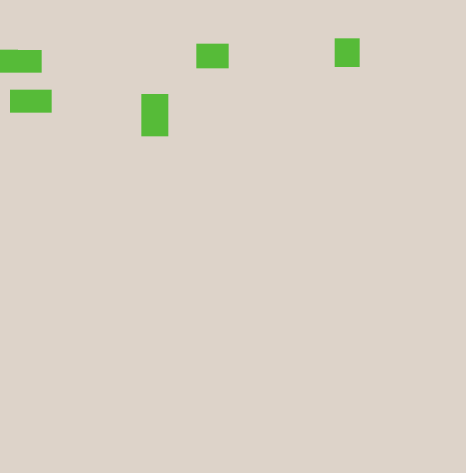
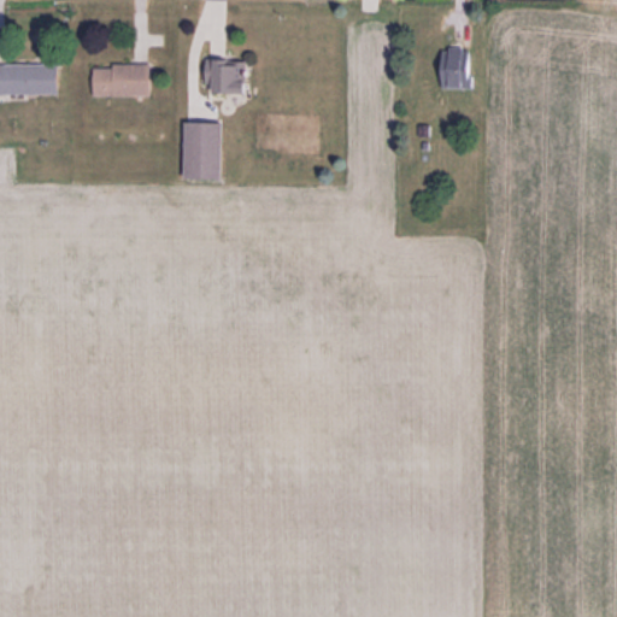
building: [195,43,230,69] -> [201,59,246,93]
building: [9,89,53,113] -> [90,65,147,96]

